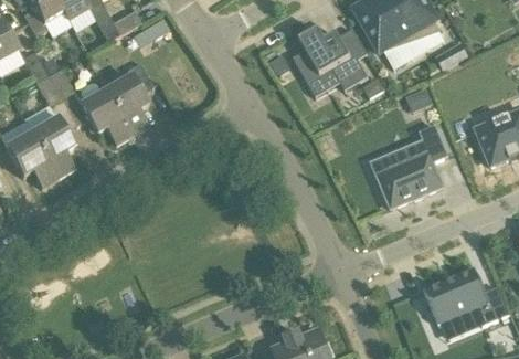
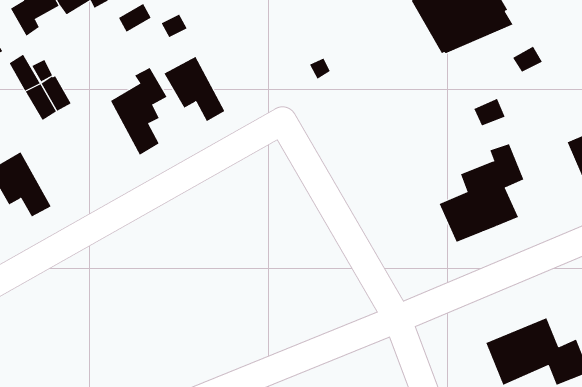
building: [293,28,368,88] -> none
building: [78,89,129,144] -> [164,56,225,122]
building: [31,117,72,177] -> none

